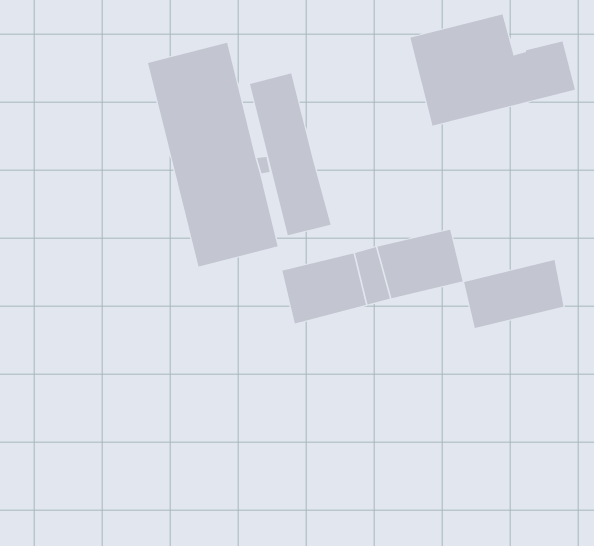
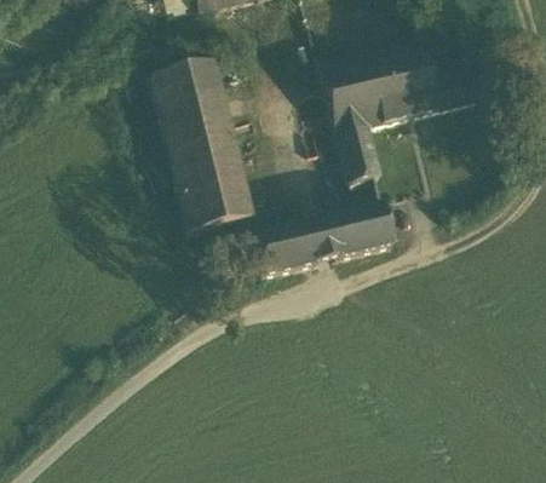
building: [249,73,331,236] -> [320,56,383,180]
building: [463,259,564,329] -> none

